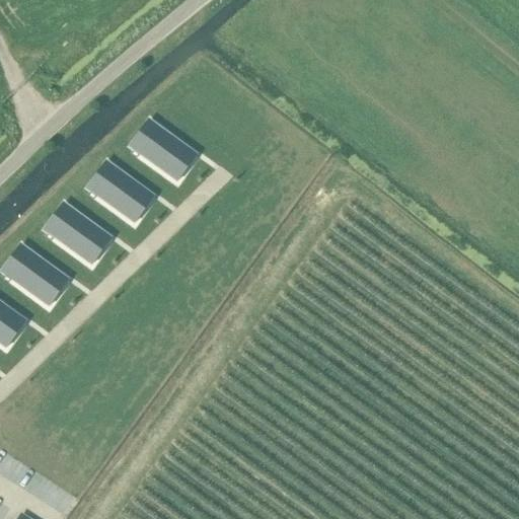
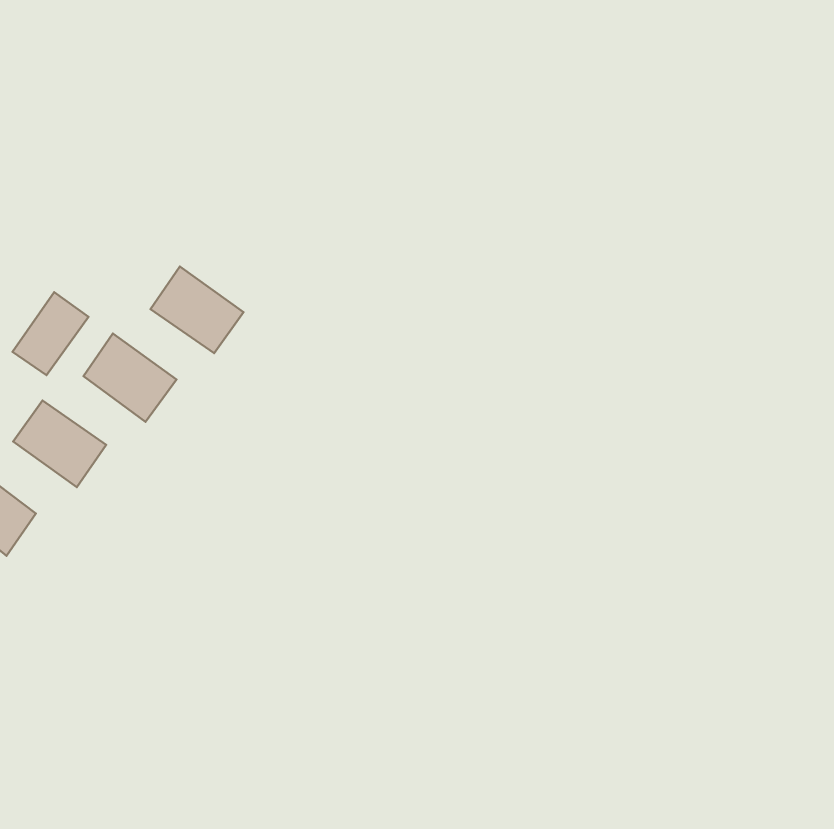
building: [137,123,195,177] -> none
building: none -> [13,292,88,375]

